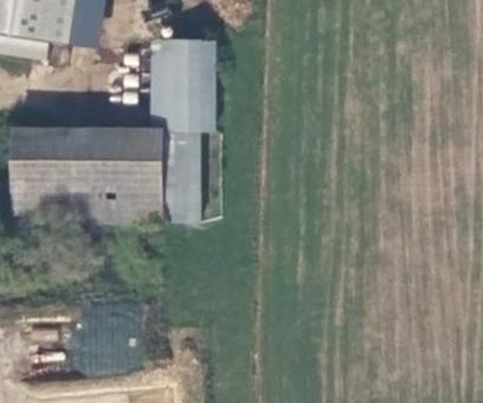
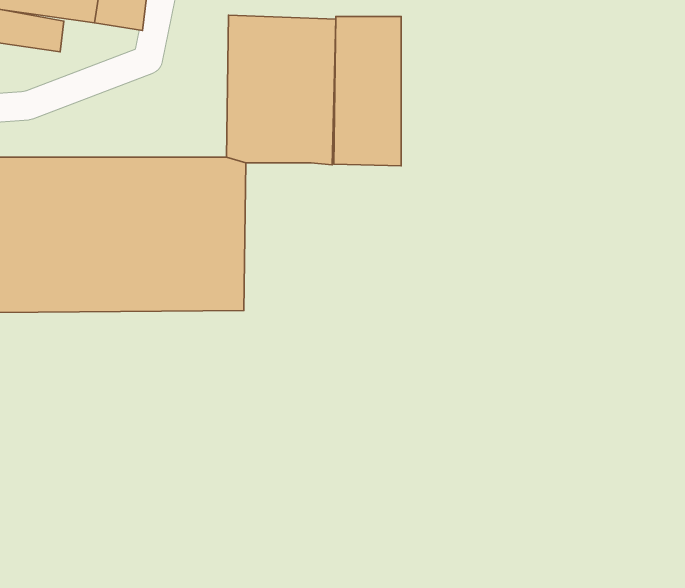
building: [161,130,203,222] -> [334,16,401,166]

